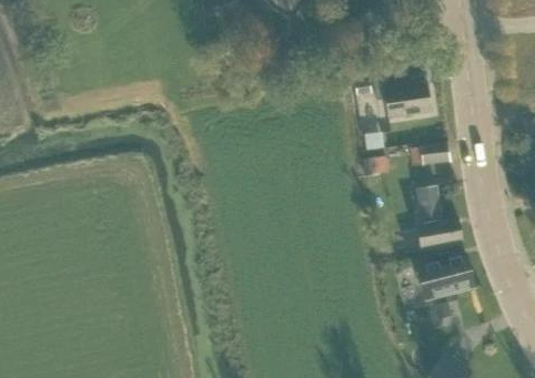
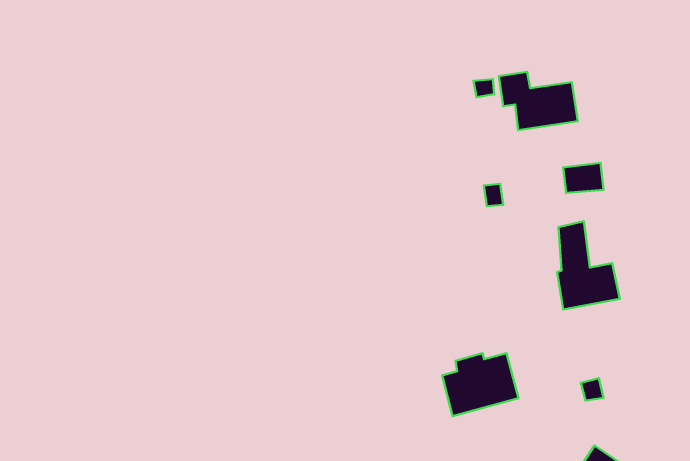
building: [417,254,474,300] -> [442,353,518,416]

